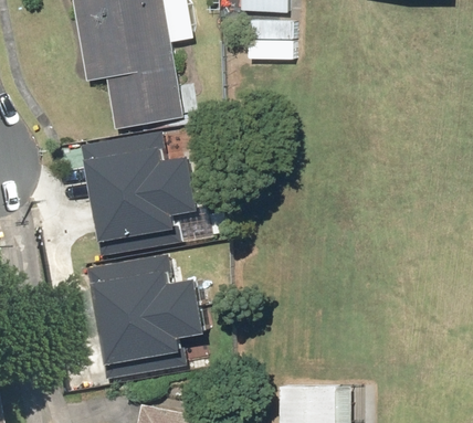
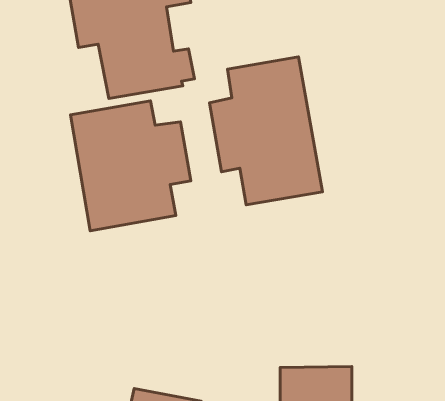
building: none -> [210,57,322,205]
building: [87,257,201,380] -> none

